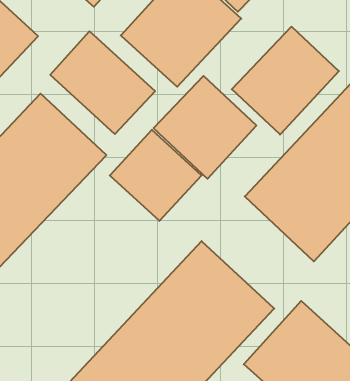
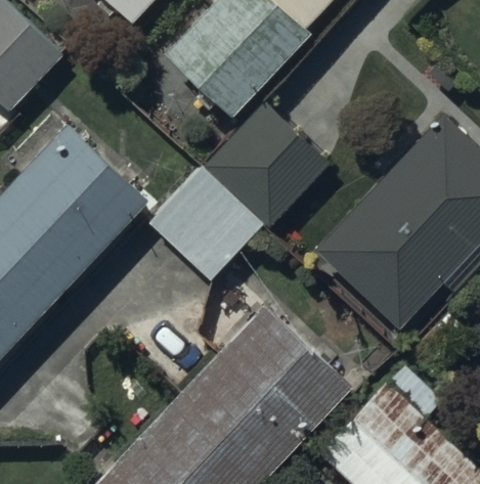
building: [232,27,339,135] -> none
building: [50,31,155,134] -> none

